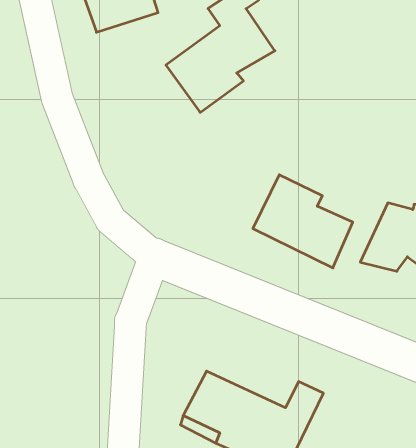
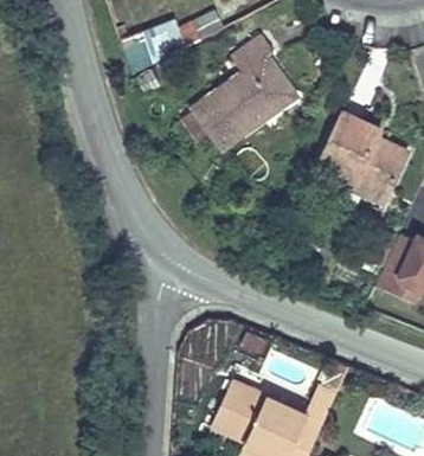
building: [253,175,353,268] -> [320,108,410,192]

